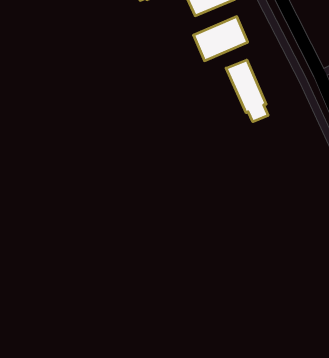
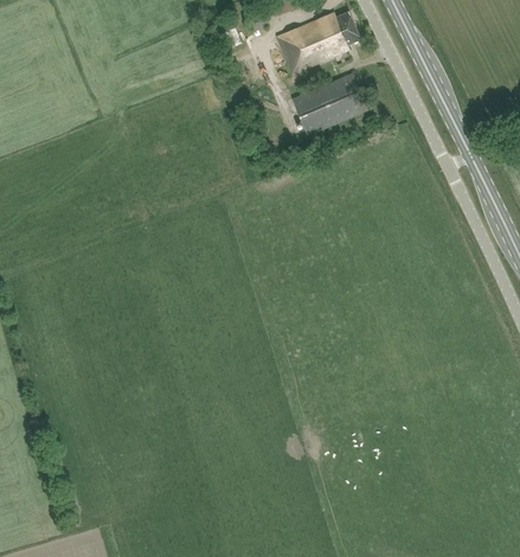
building: [226,60,268,122] -> none

